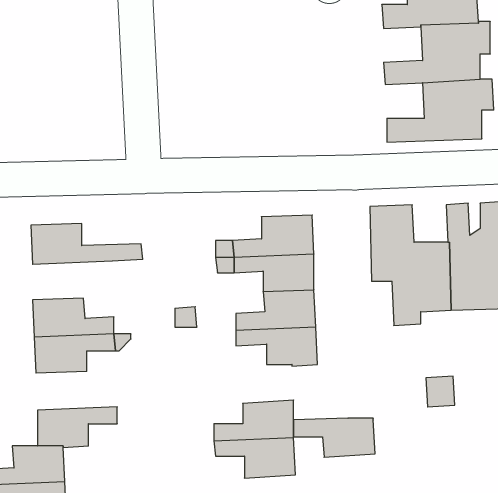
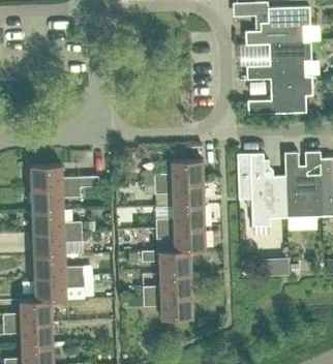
building: none -> [31,186,80,210]
building: none -> [33,253,83,277]
building: [294,418,375,457] -> [141,249,190,273]

